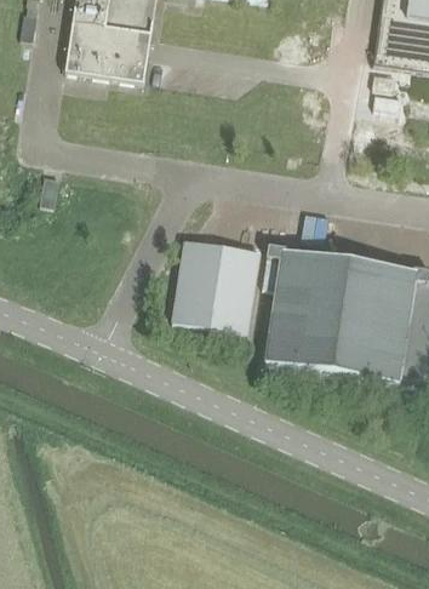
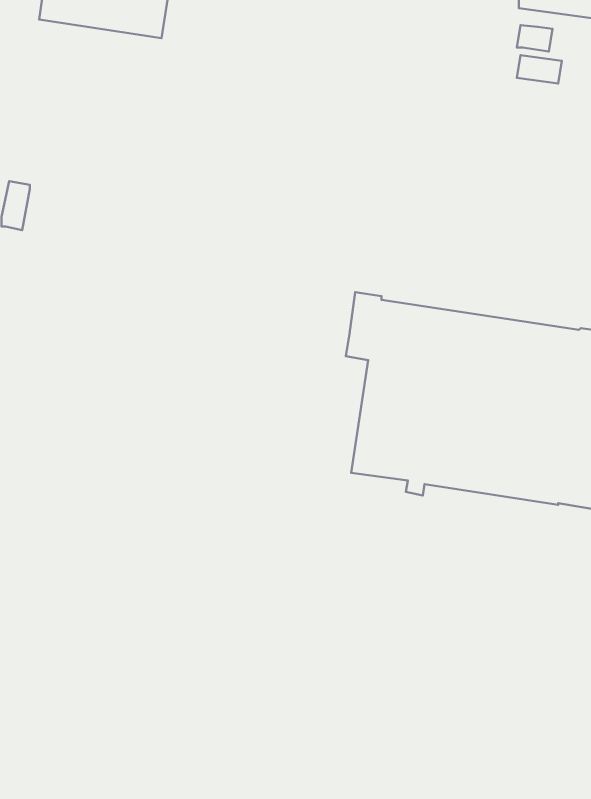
building: [173,238,261,331] -> none

